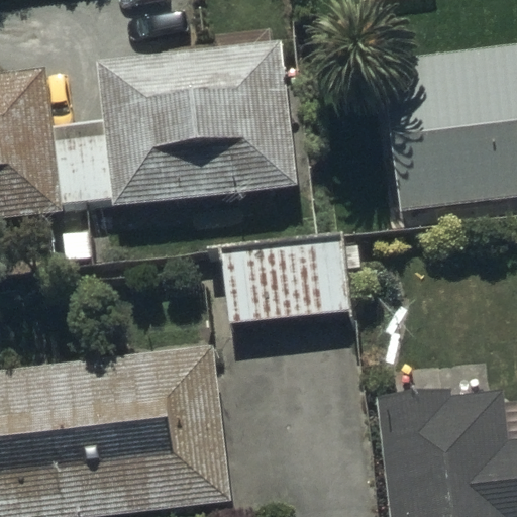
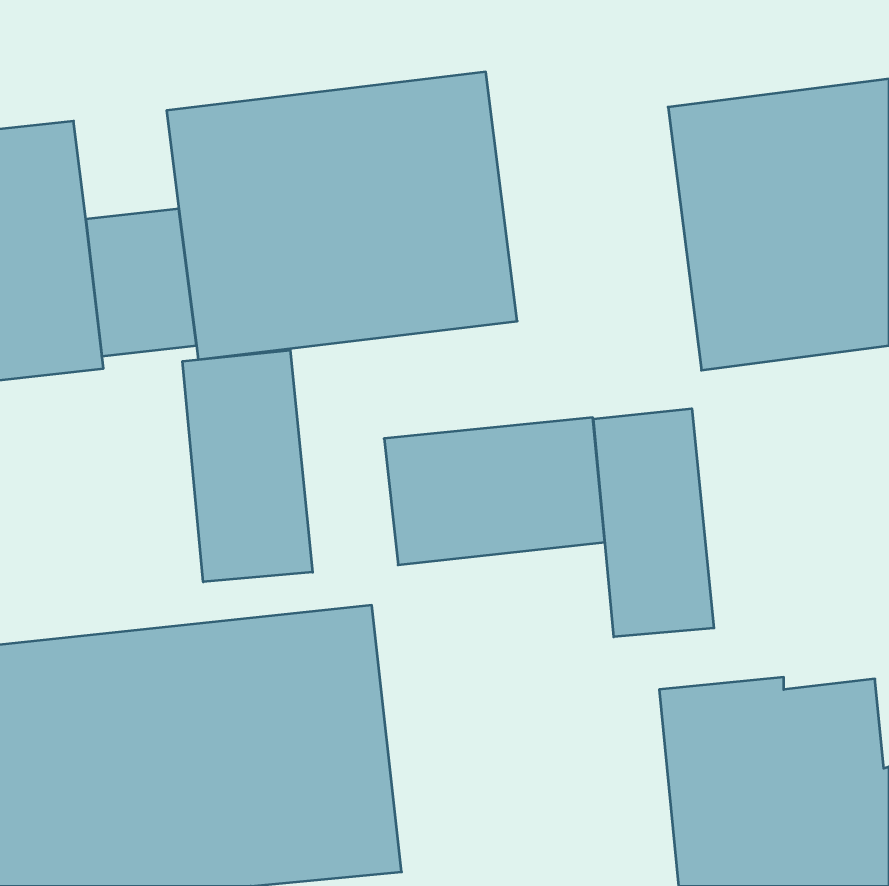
building: none -> [183,350,313,582]
building: none -> [593,409,714,637]

